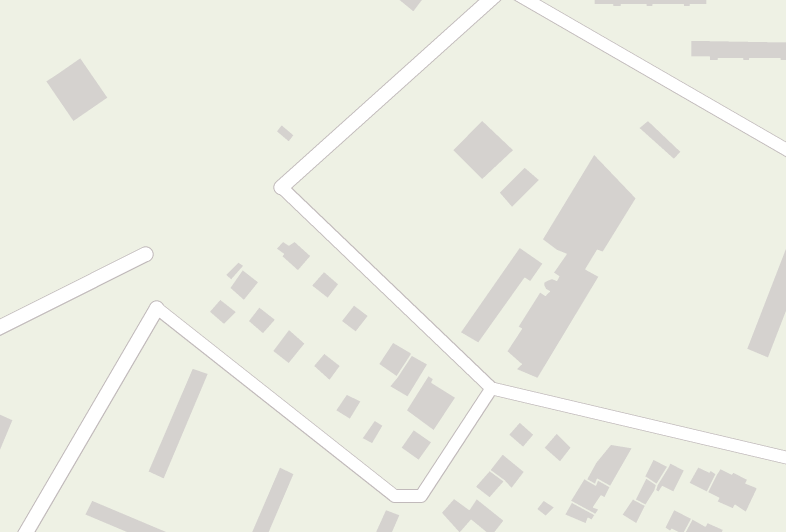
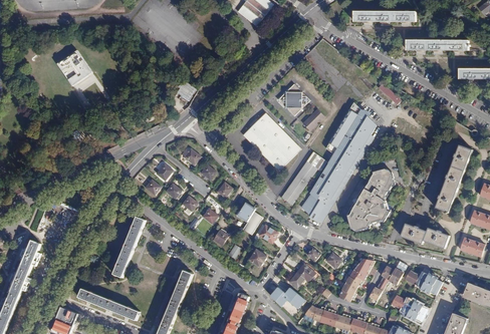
building: none -> [242,112,299,171]
building: none -> [345,166,395,232]
building: none -> [400,223,447,248]

